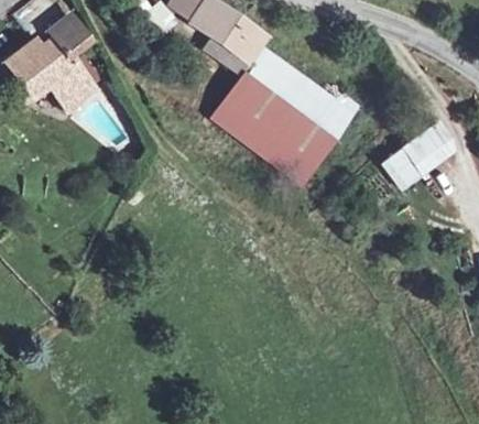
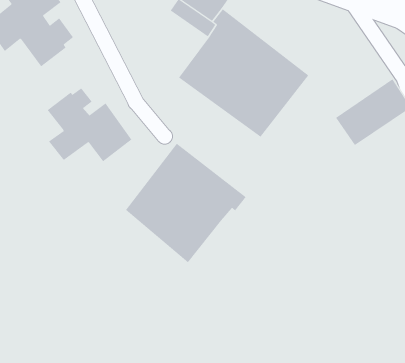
building: none -> [47,88,132,162]
building: none -> [125,143,247,263]

